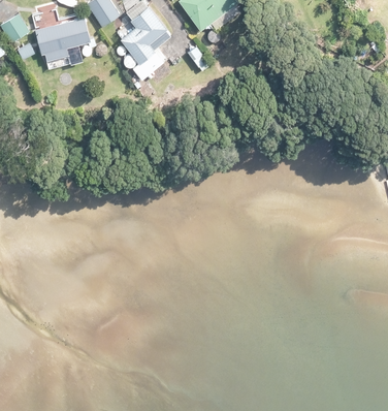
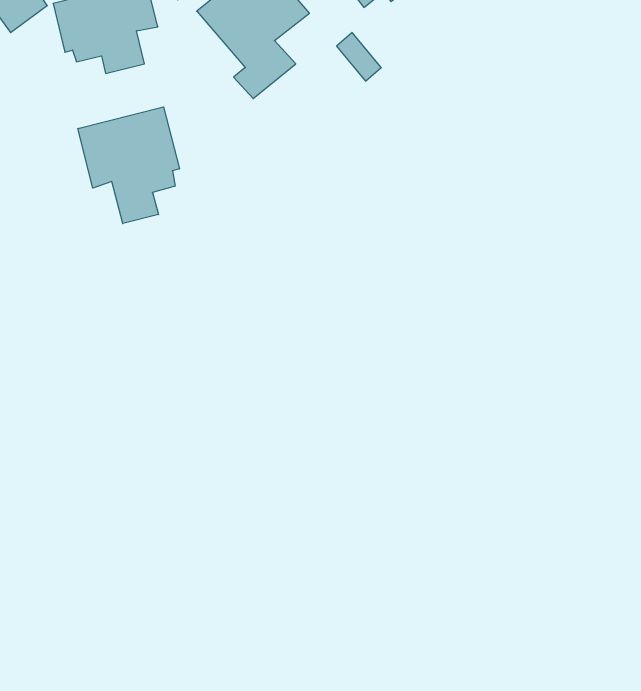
building: none -> [78,107,179,224]

